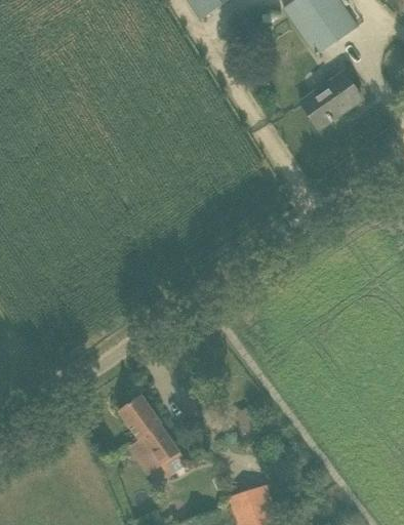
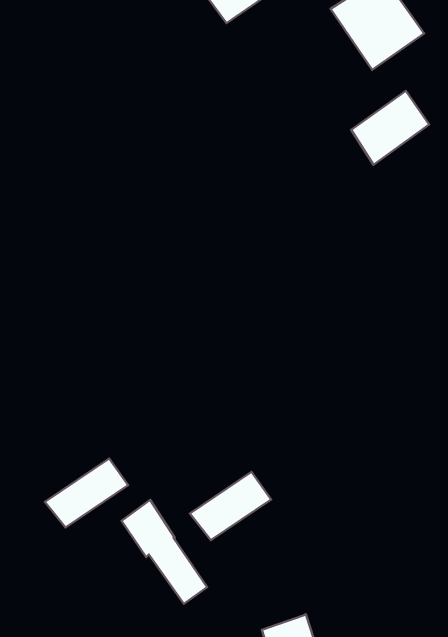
building: none -> [45,458,128,527]
building: none -> [190,472,271,540]

